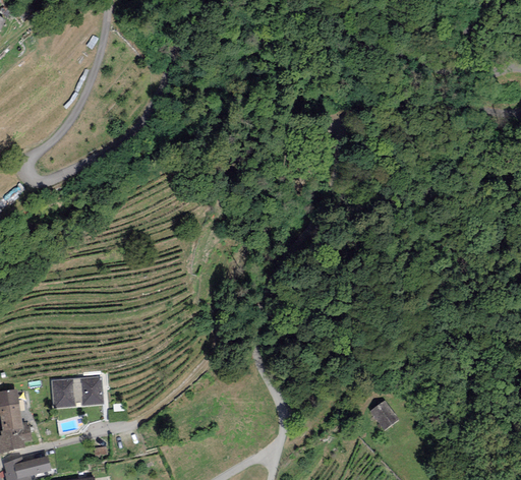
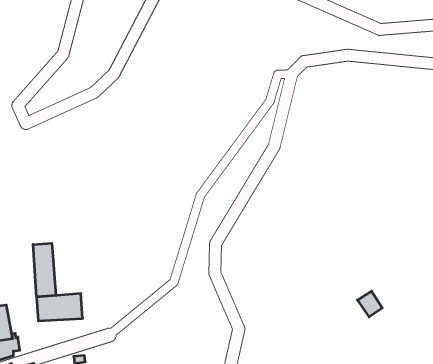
building: none -> [33,243,56,297]
building: [368,402,397,431] -> [357,291,382,317]

